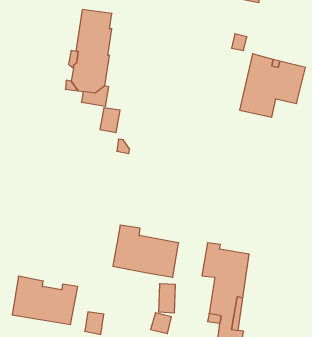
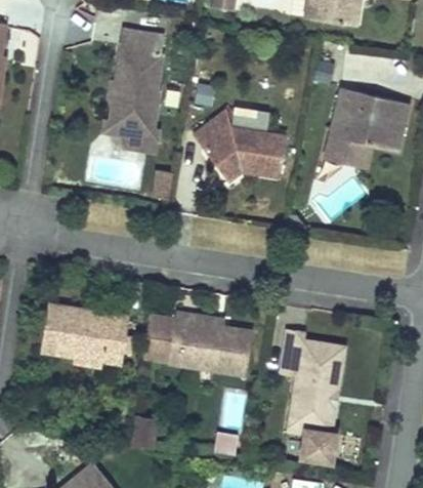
building: none -> [197,107,289,170]
building: none -> [142,316,172,355]
building: [12,276,78,324] -> [40,300,124,362]

